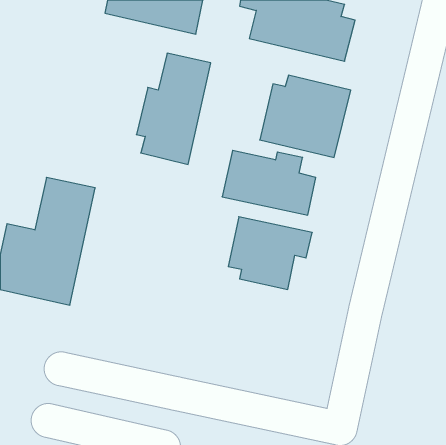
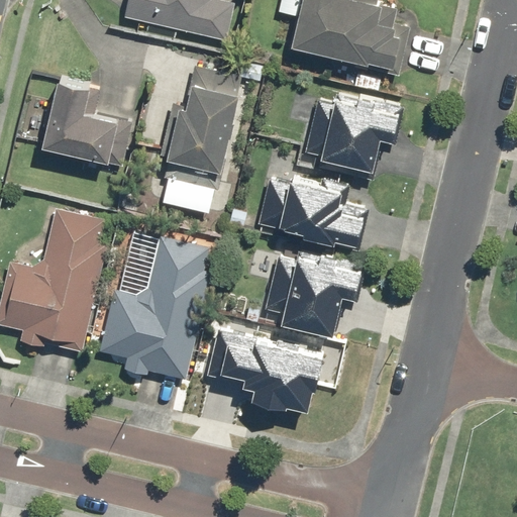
building: none -> [39,79,133,168]
building: none -> [98,235,217,383]
building: none -> [207,330,322,415]

